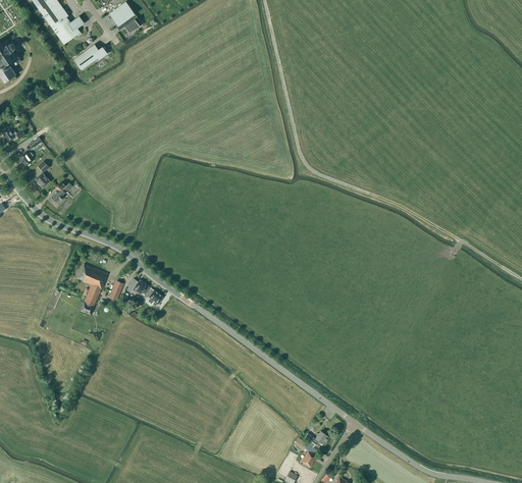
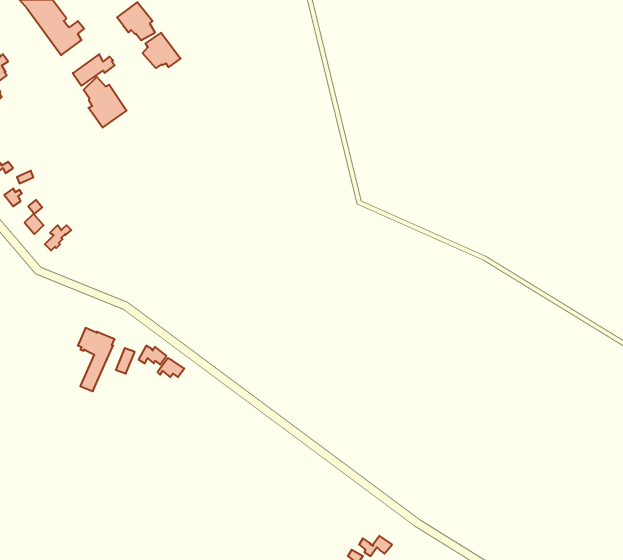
building: none -> [143,33,181,68]
building: none -> [84,77,127,128]

